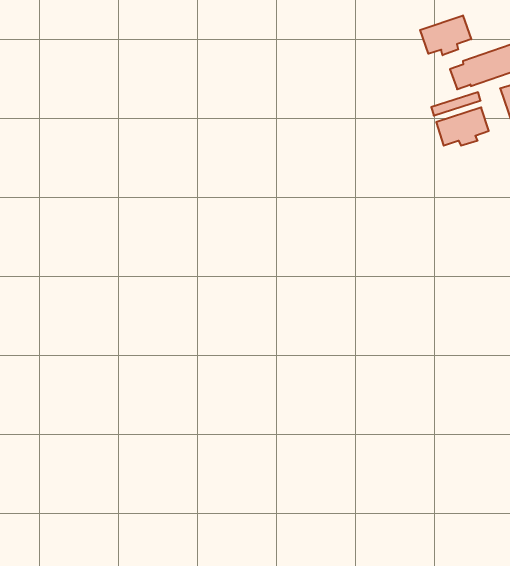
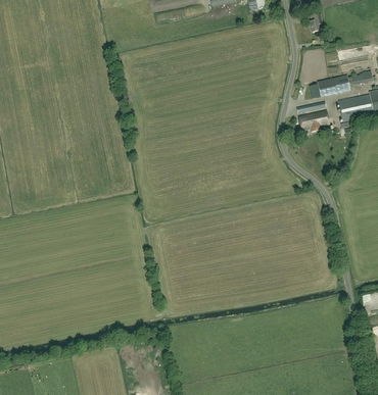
building: [420,15,471,55] -> none

